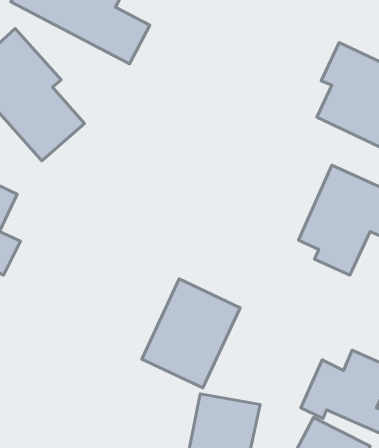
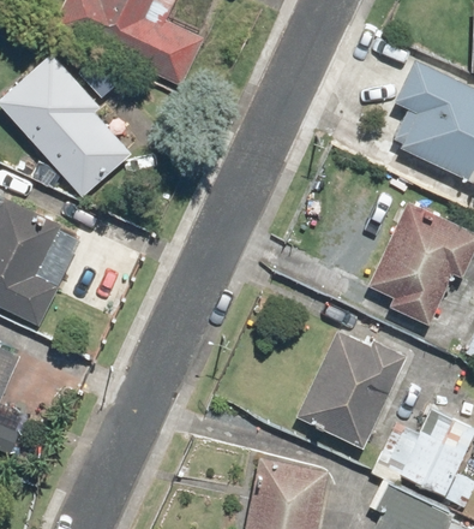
building: [142,279,240,388] -> [295,328,406,451]

